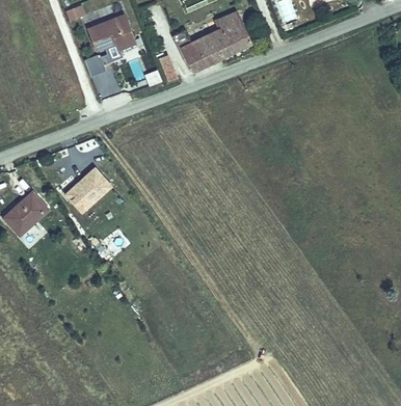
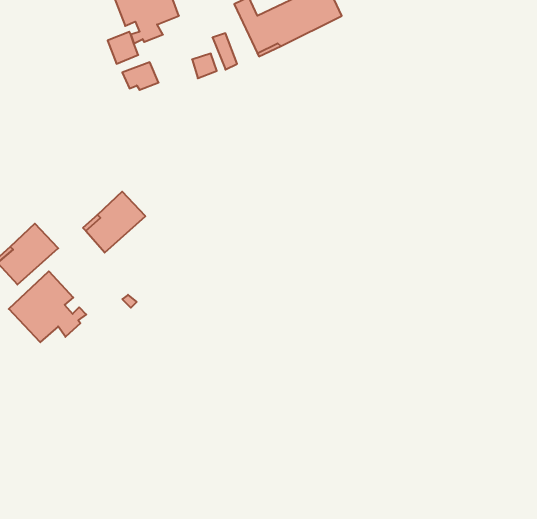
building: none -> [9,271,86,342]

